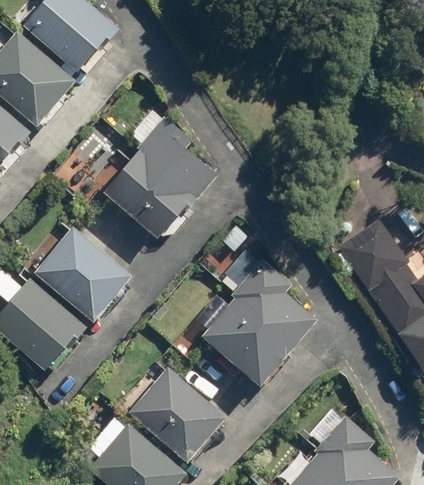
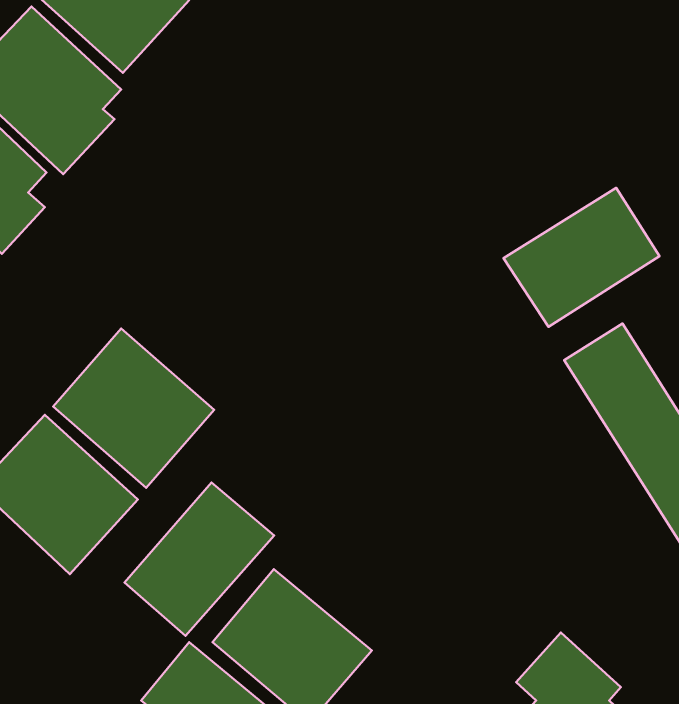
building: [100,107,216,238] -> none
building: none -> [504,188,660,327]
building: [201,259,316,384] -> none
building: none -> [125,483,274,636]

